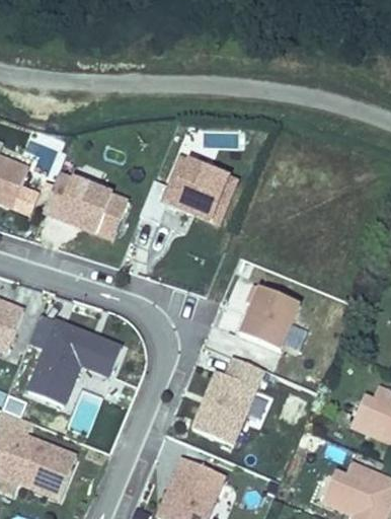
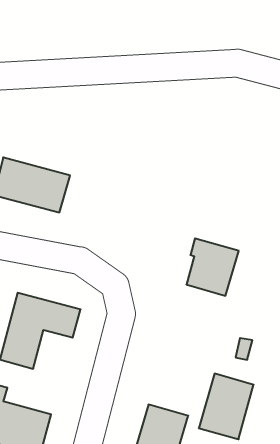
building: [162,156,237,222] -> none
building: [191,369,256,443] -> [199,374,254,439]

